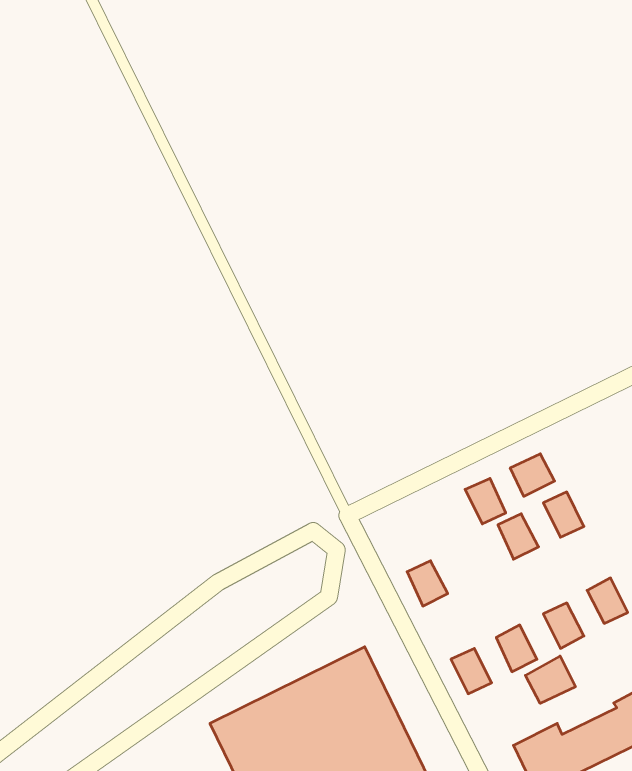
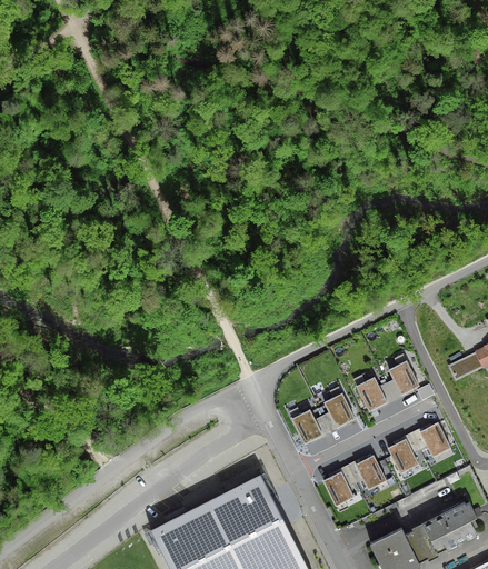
building: [510,454,555,496] -> none
building: [465,478,506,524] -> [323,395,352,427]
building: [525,656,575,703] -> none

